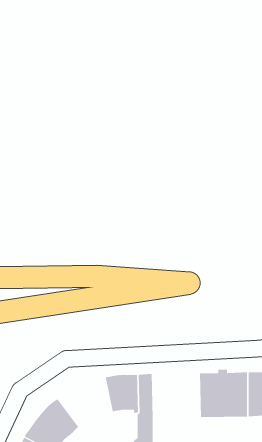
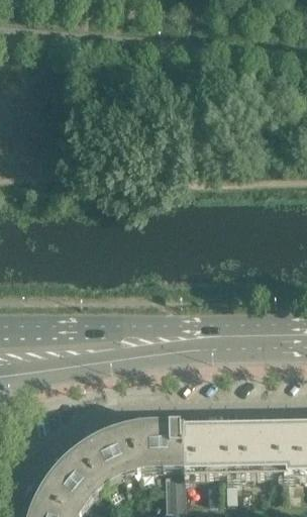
building: none -> [182,416,234,470]
building: none -> [78,424,137,479]

